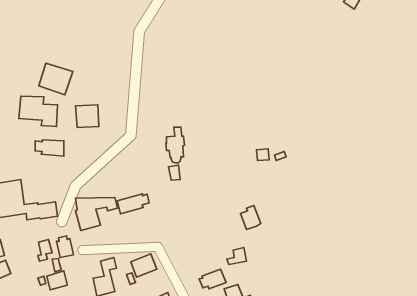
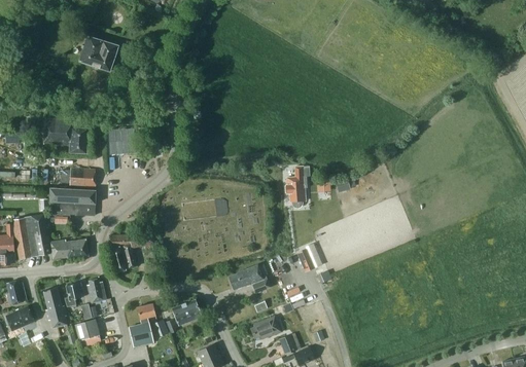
building: [39,63,73,95] -> [79,35,118,71]
building: [166,127,185,163] -> [285,166,307,207]
building: none -> [49,187,95,215]
building: [117,194,149,214] -> none
building: none -> [229,264,271,291]
building: none -> [43,287,66,327]

